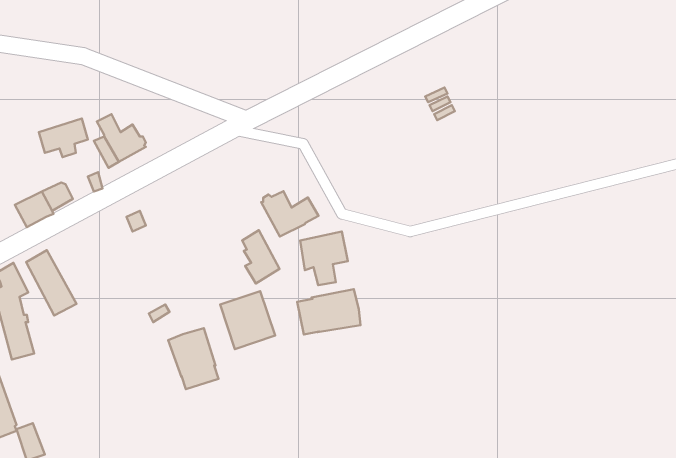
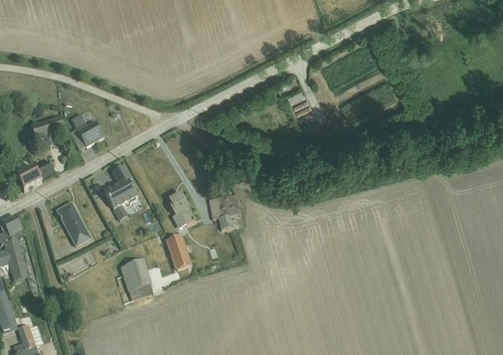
building: none -> [104,165,137,209]
building: [261,191,318,237] -> none
building: [26,250,77,316] -> [56,202,91,246]
building: [297,289,361,334] -> none

